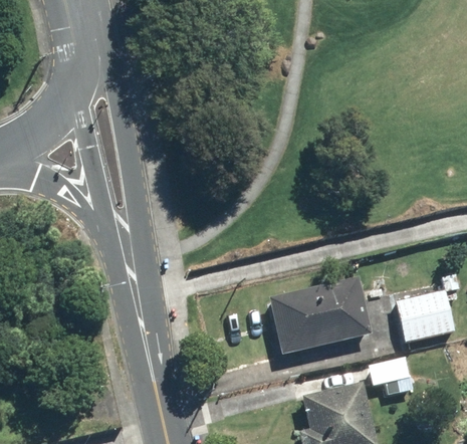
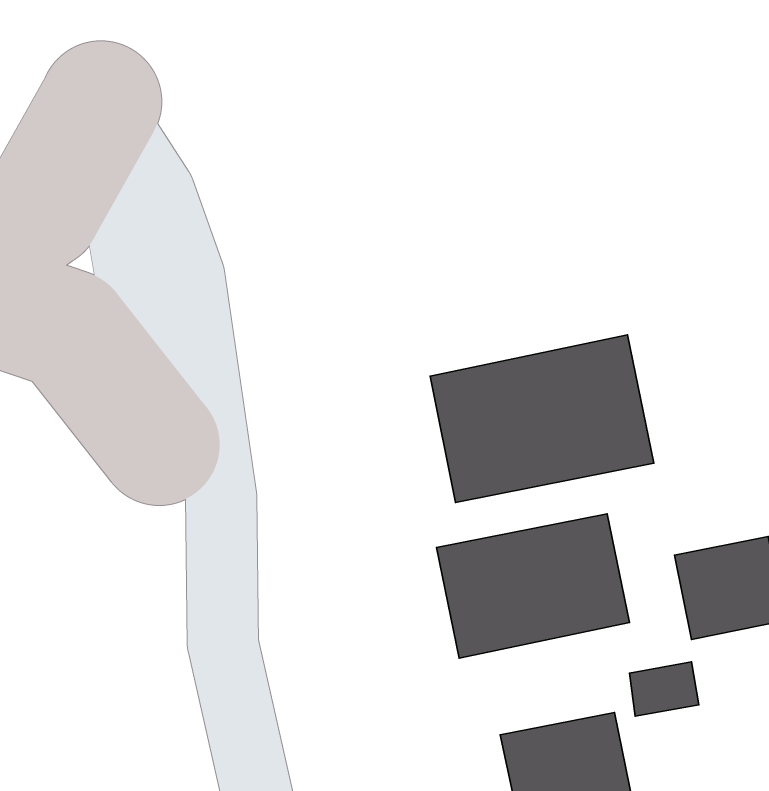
building: none -> [430,335,654,502]

